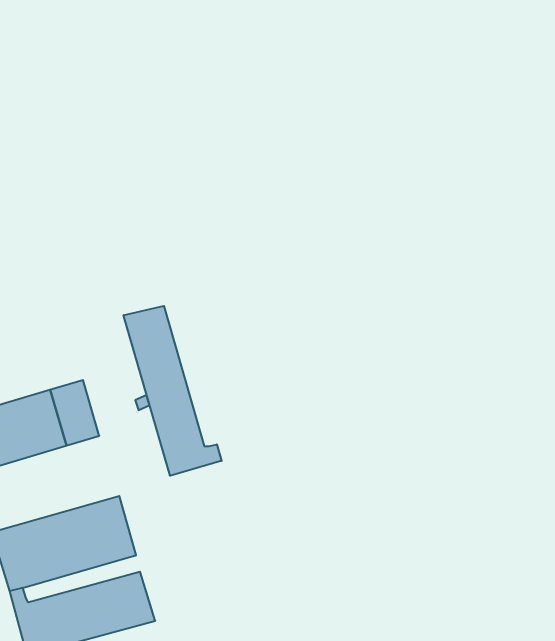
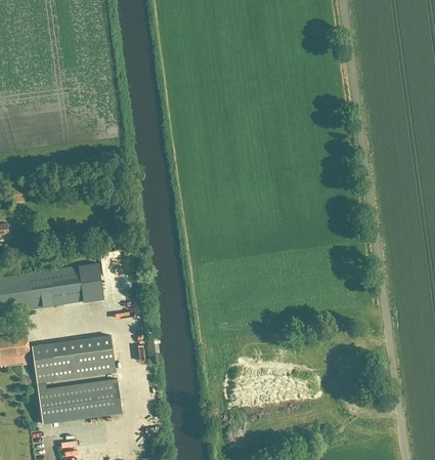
building: [124,306,222,476] -> none

